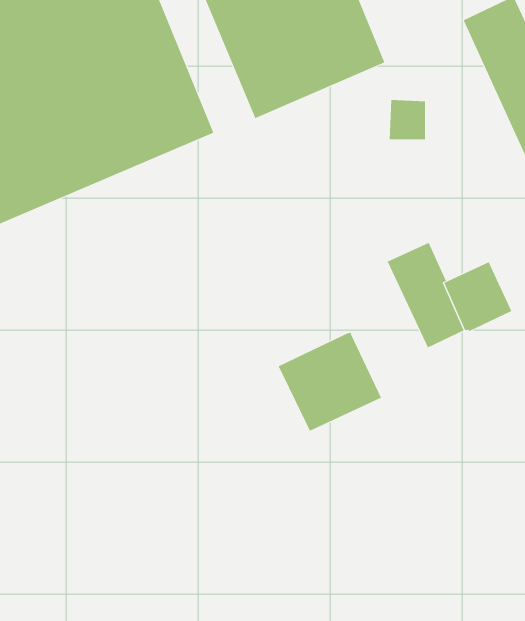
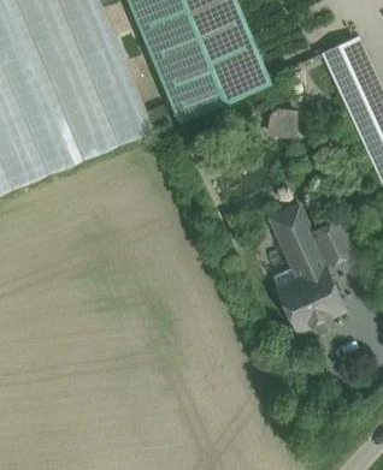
building: [278,333,382,431] -> [275,264,346,332]

